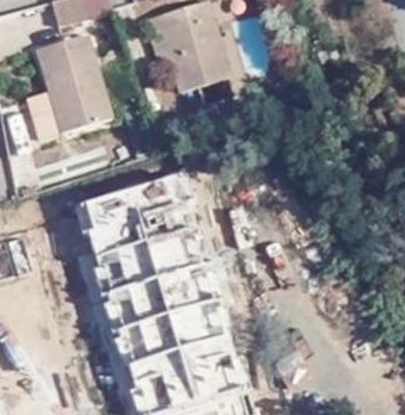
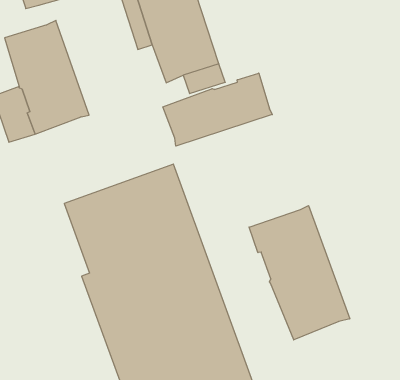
building: none -> [163,73,272,146]
building: none -> [249,206,350,340]

